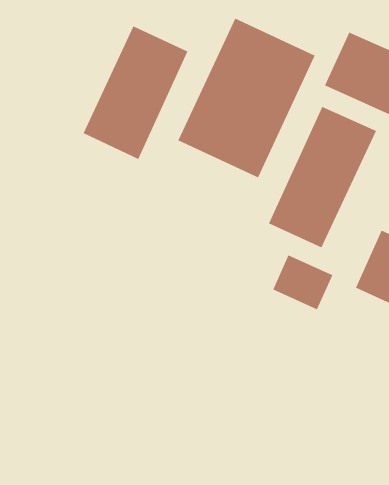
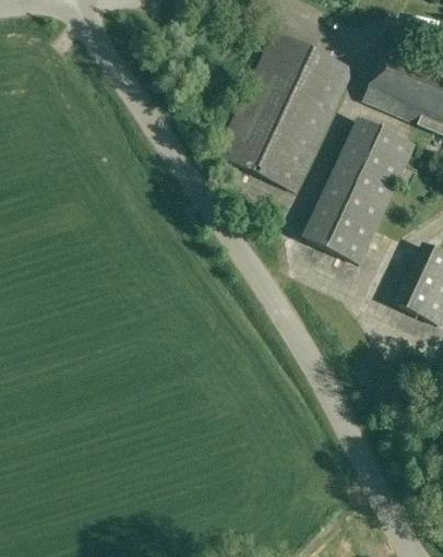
building: [83,26,188,160] -> none
building: [273,254,333,310] -> none

